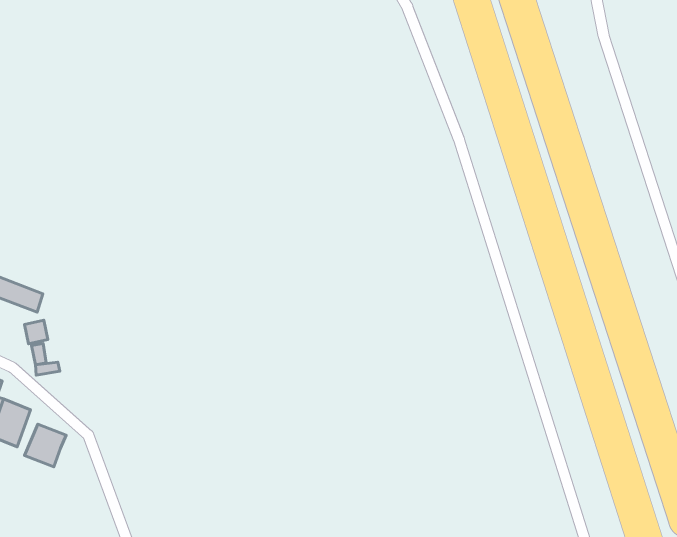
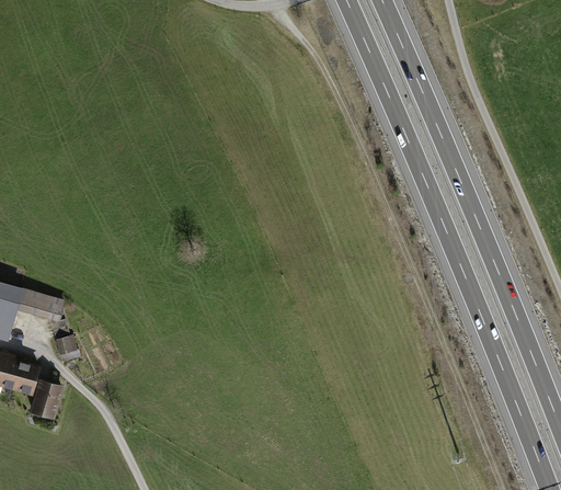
building: [24,424,66,467] -> none

